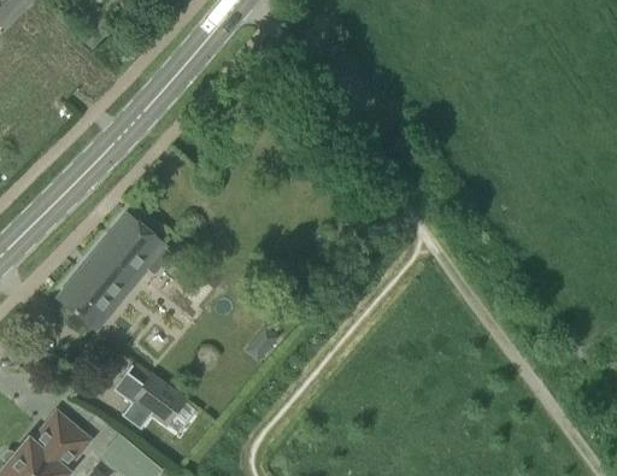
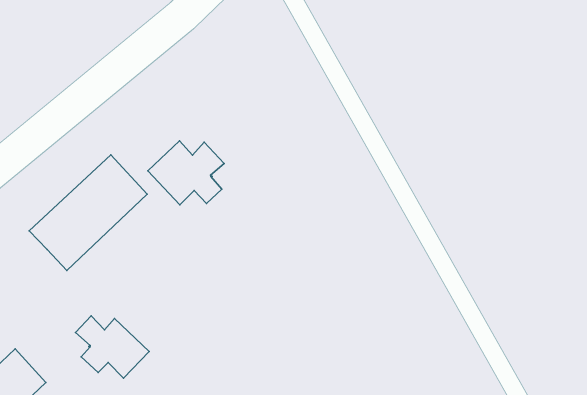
building: none -> [148,141,224,205]

